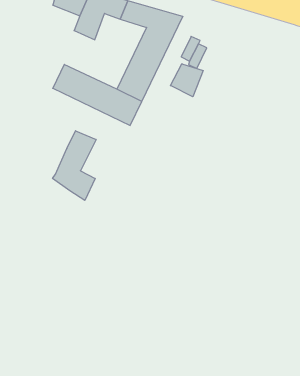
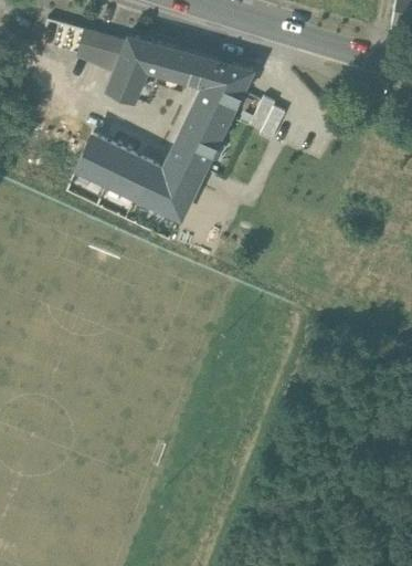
building: [170,64,203,97] -> none
building: [53,131,96,200] -> none

